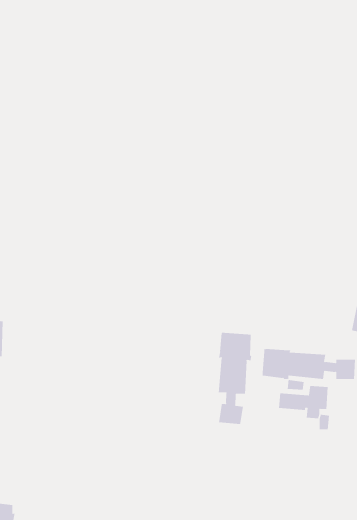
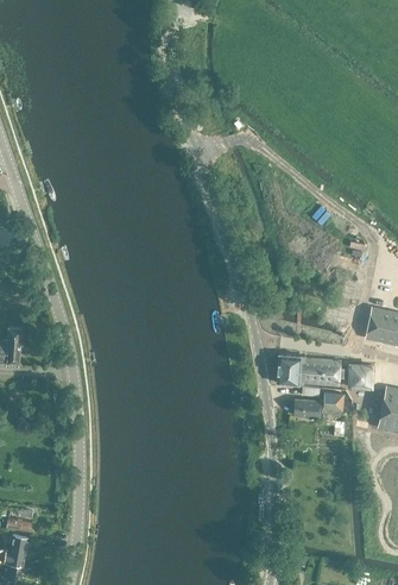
building: [218,332,253,425] -> none

